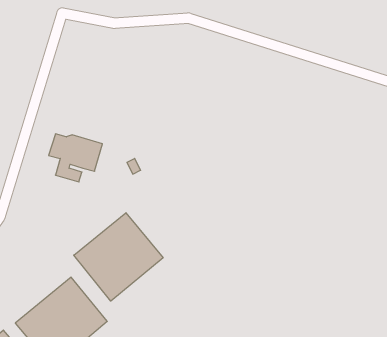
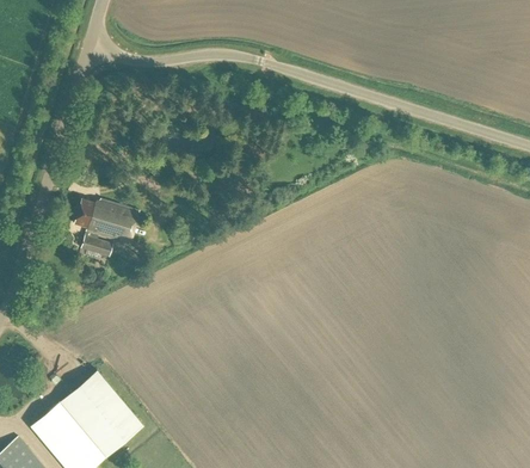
building: [74,213,163,301] -> none

